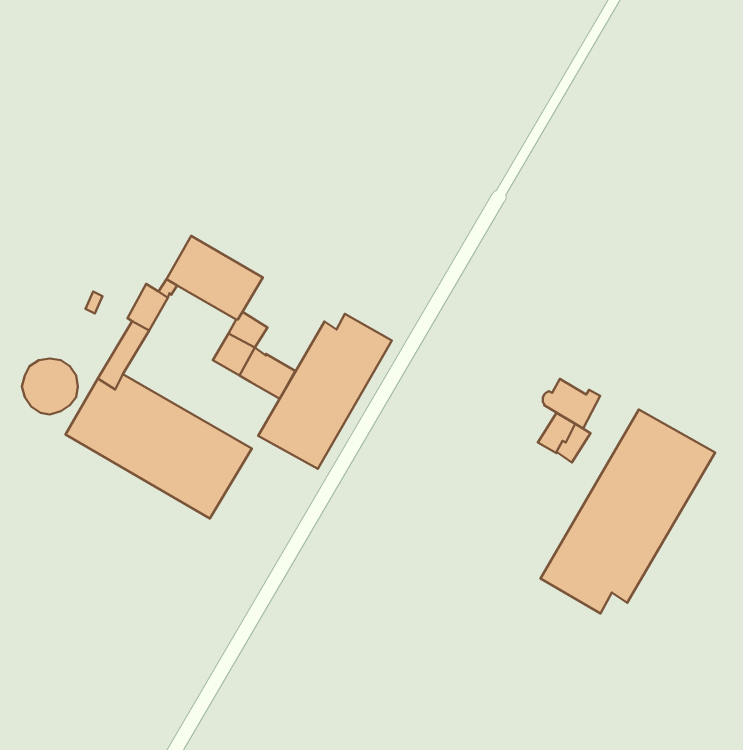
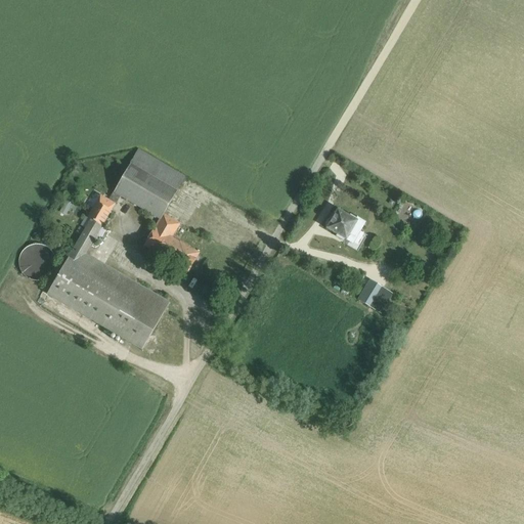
building: none -> [129,145,185,189]
building: [258,314,392,469] -> none
building: [543,379,600,429] -> [325,209,363,242]
building: [540,410,715,613] -> none

